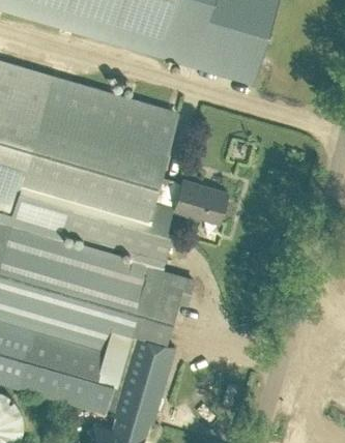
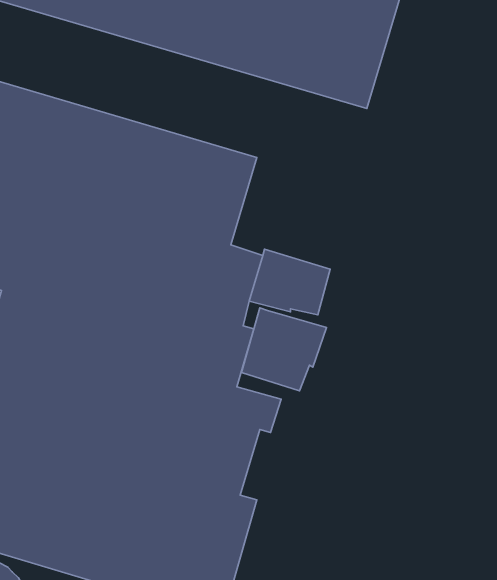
building: none -> [241,308,326,391]

